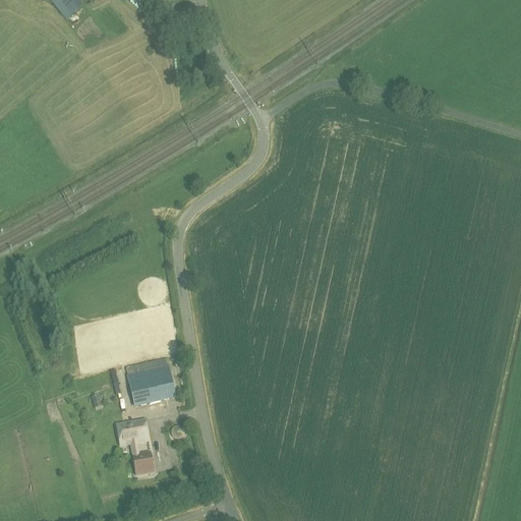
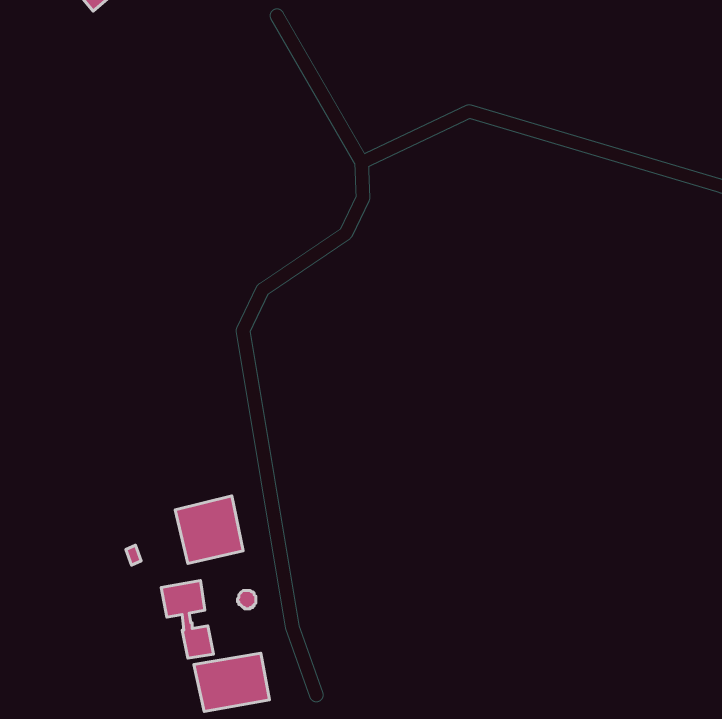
building: none -> [194,653,269,712]

